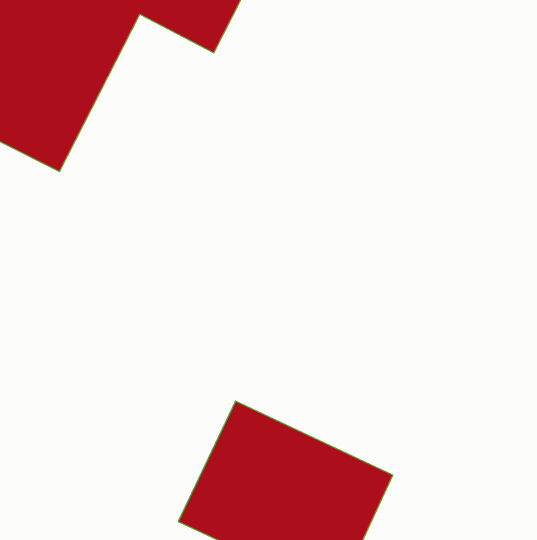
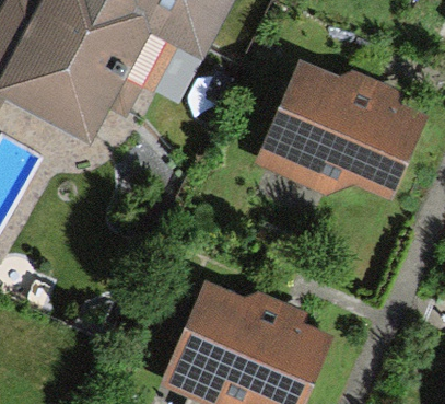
building: none -> [270,67,420,199]

